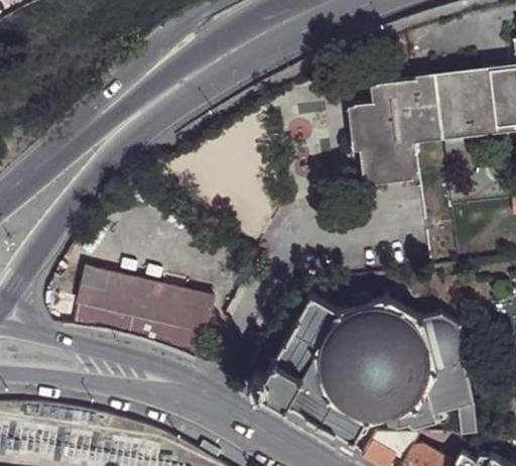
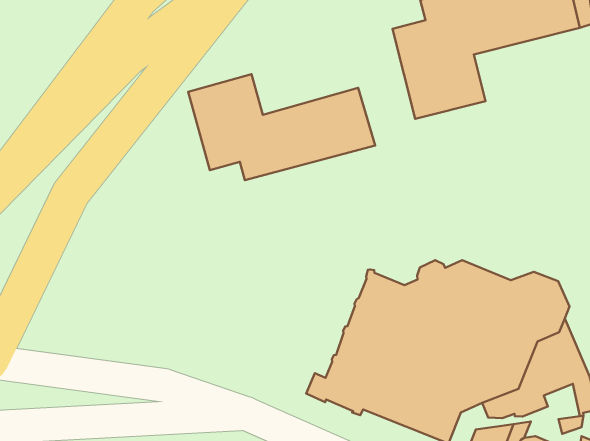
building: none -> [188,74,375,180]
building: [74,265,213,360] -> none

